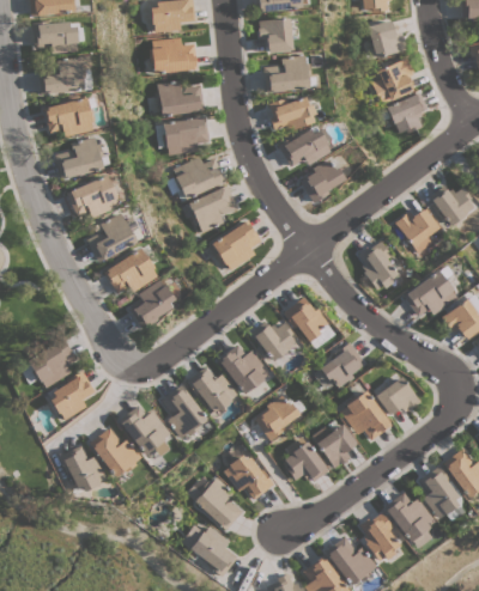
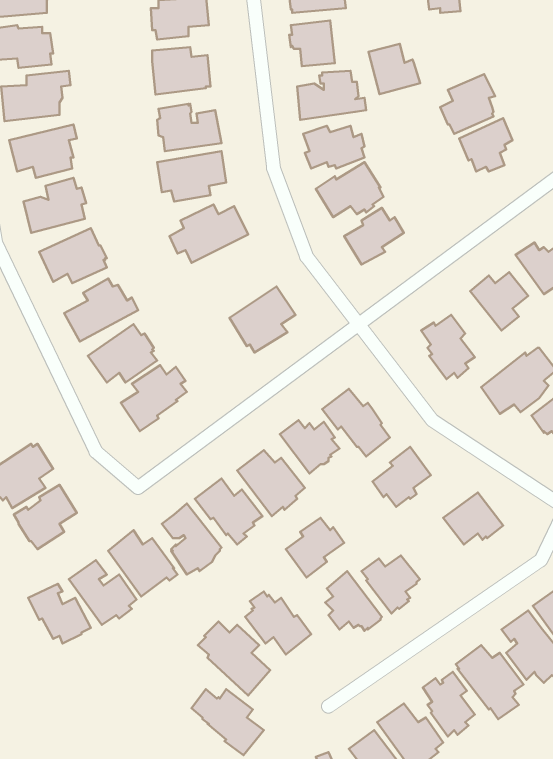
building: [368,19,407,57] -> [368,44,420,94]
building: [182,184,238,232] -> none
building: [341,390,392,439] -> none

